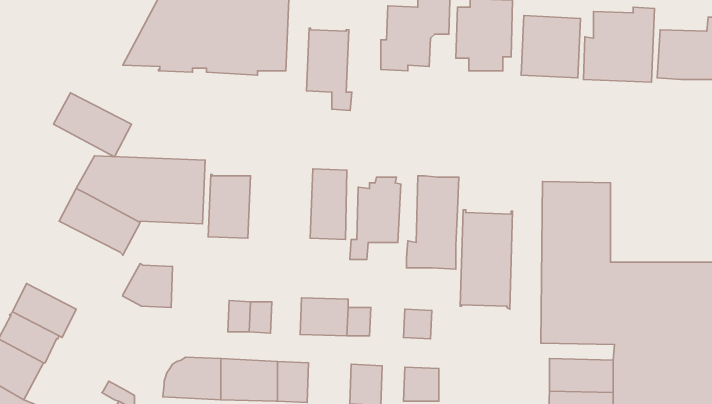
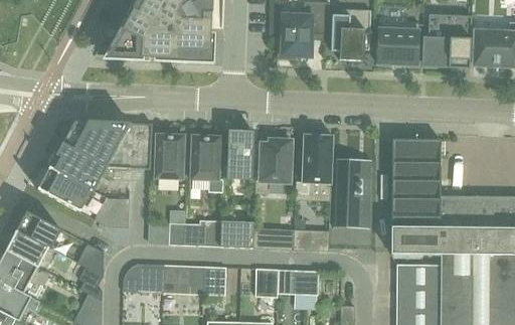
building: [306,28,352,111] -> [191,134,223,192]
building: [53,93,131,157] -> [37,166,93,211]
building: none -> [77,242,105,276]

